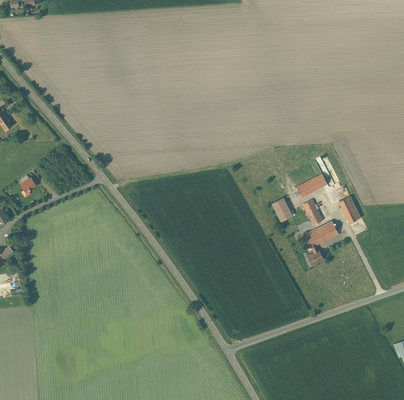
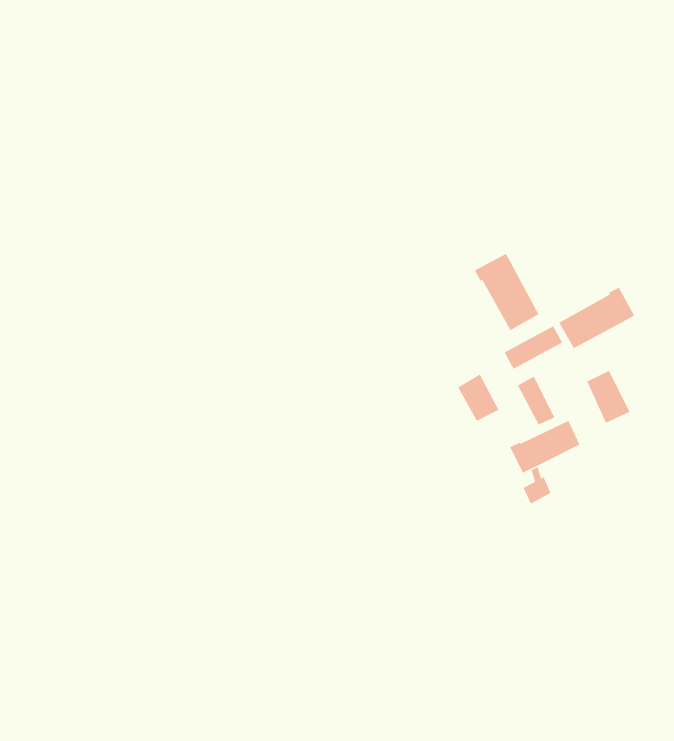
building: none -> [474,253,540,331]
building: none -> [558,286,635,349]

